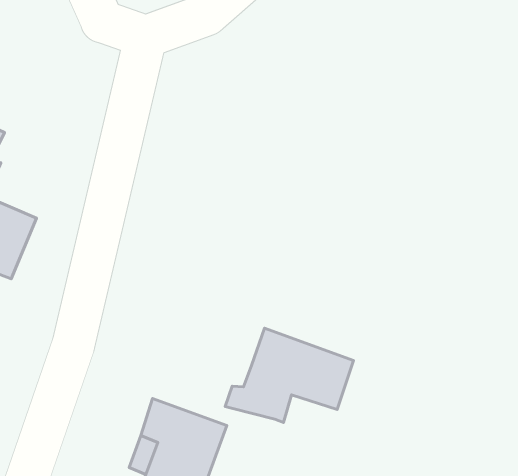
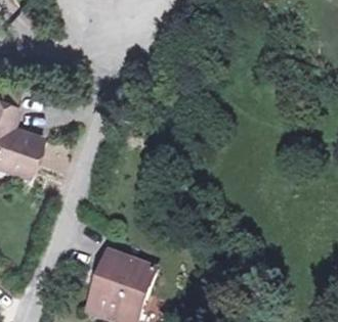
building: [225,328,353,423] -> none

